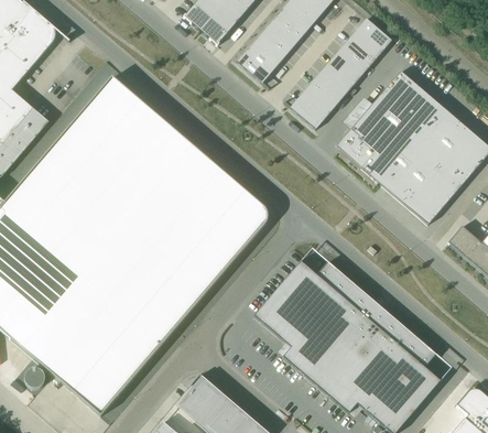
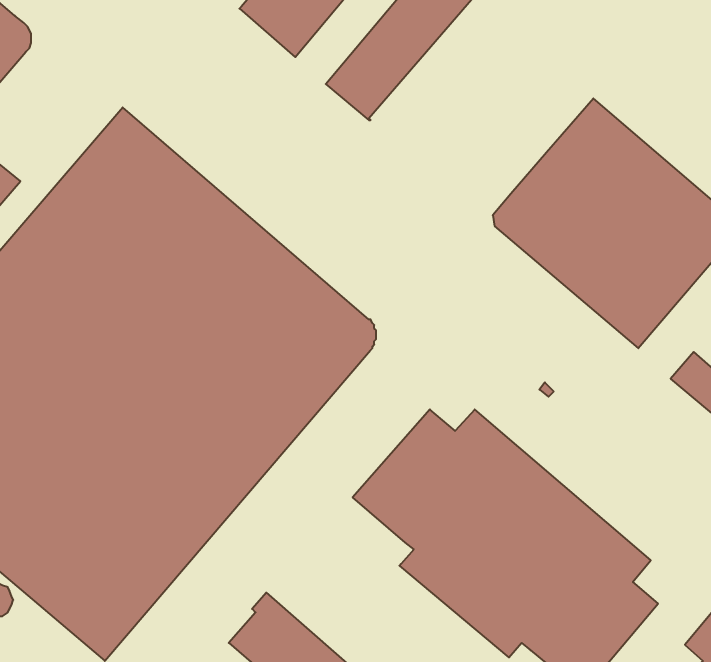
building: [289,17,392,128] -> none

